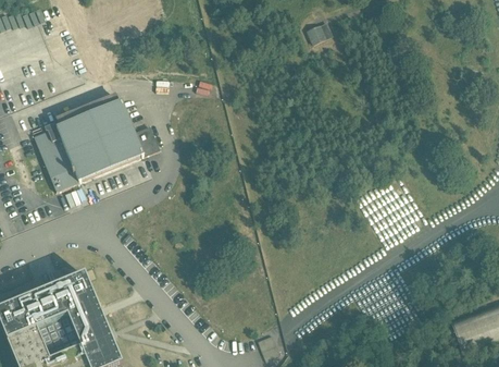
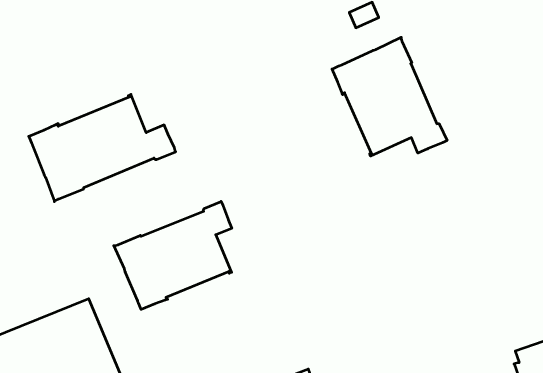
building: none -> [332,37,447,156]
building: none -> [114,201,232,309]

